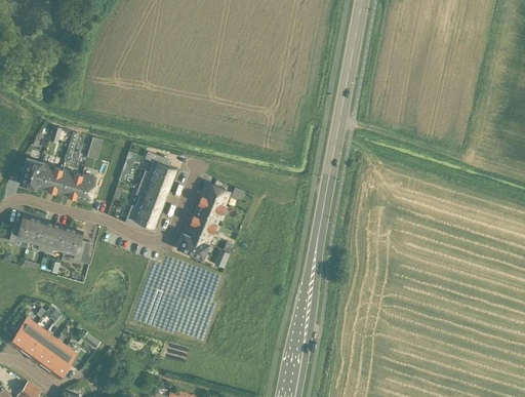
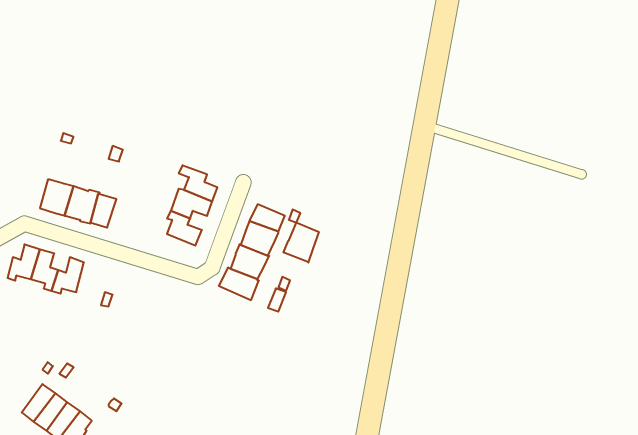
building: [19,157,43,189] -> none
building: none -> [284,222,319,263]
building: [126,205,159,228] -> none
building: [65,229,85,262] -> none
building: [10,317,38,348] -> none

